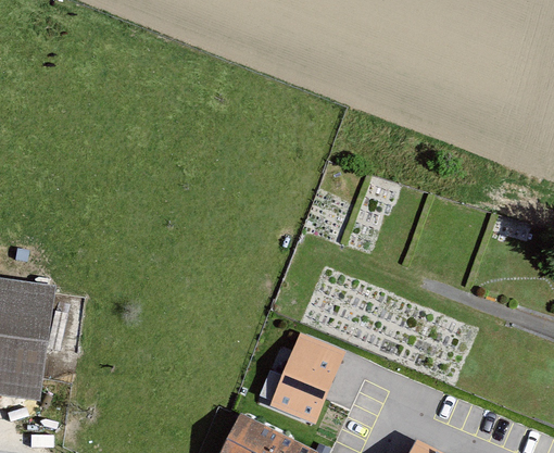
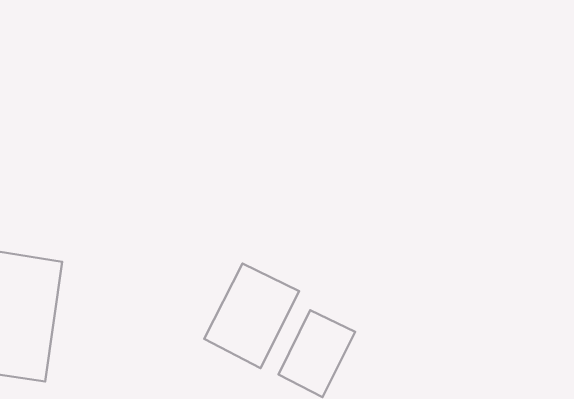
building: none -> [204,263,299,368]

